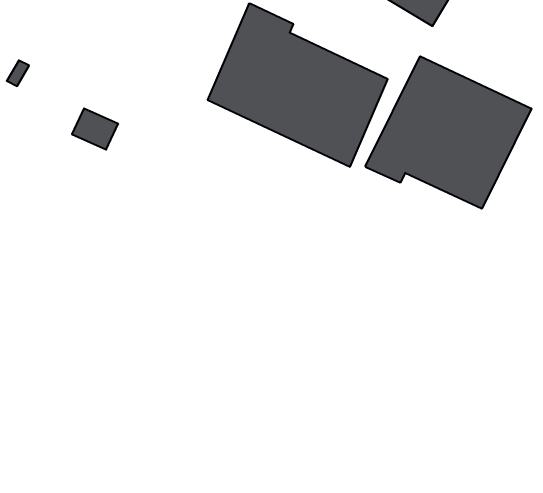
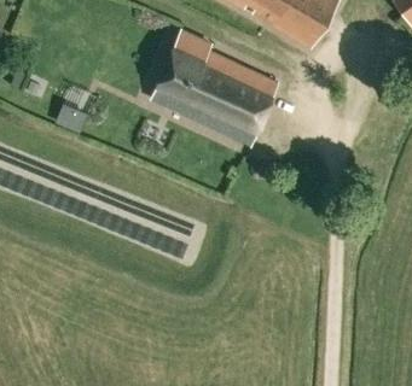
building: [366,56,531,209] -> none

